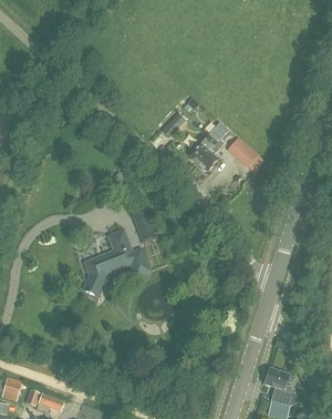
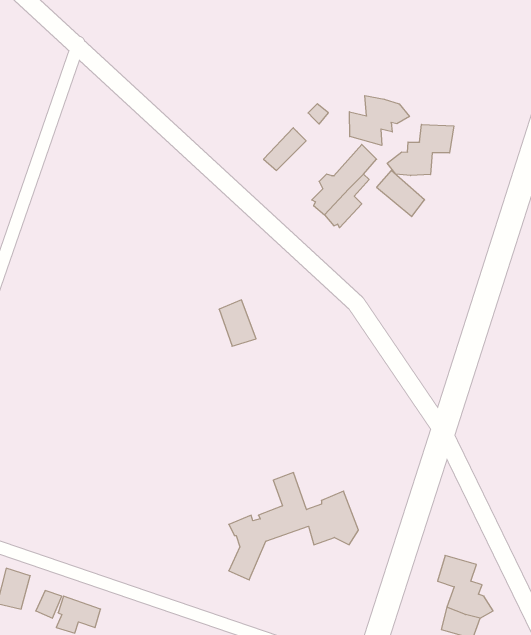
building: none -> [349,96,409,145]
building: none -> [387,124,454,176]
building: [84,231,162,295] -> [229,473,358,580]

